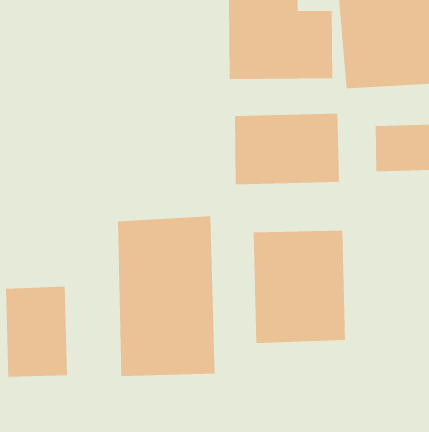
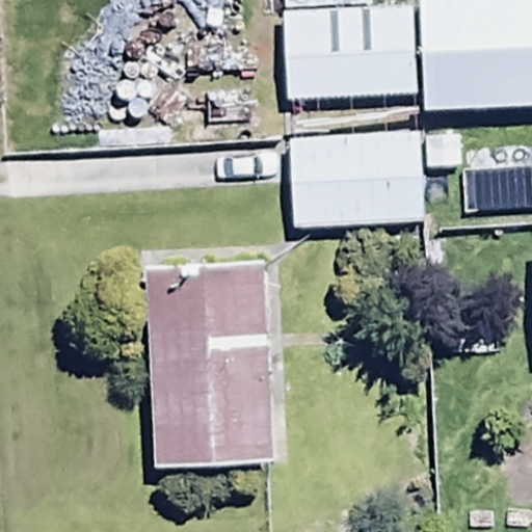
building: [253,230,346,344] -> none
building: [5,286,68,377] -> none

